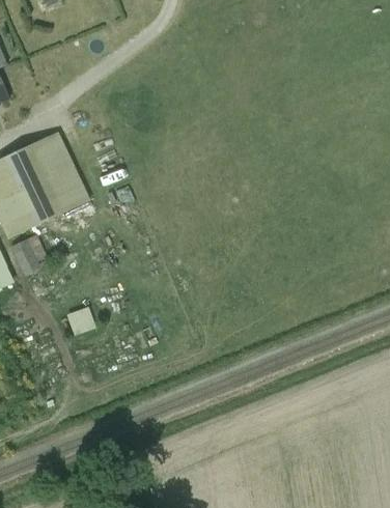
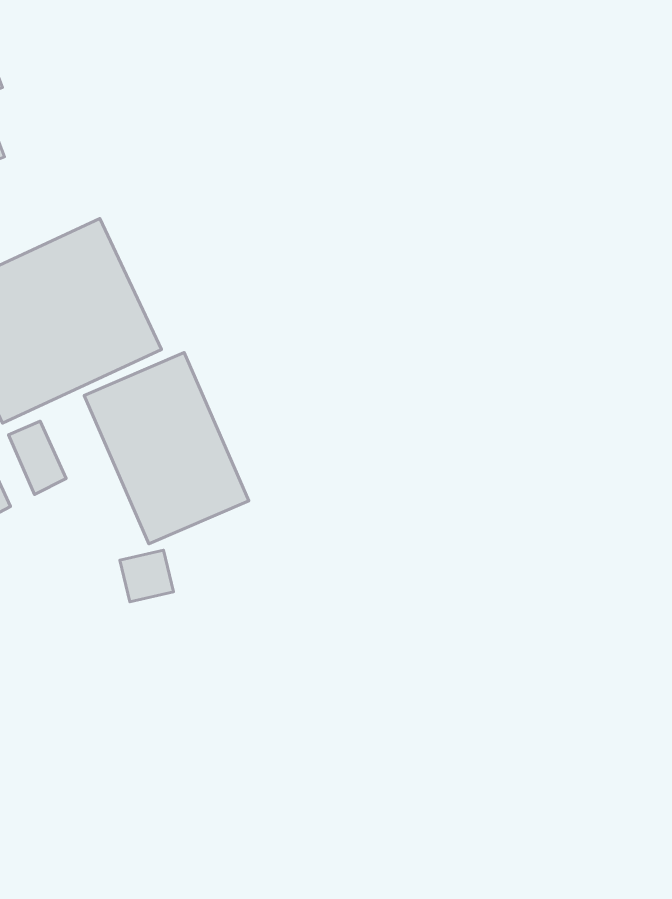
building: none -> [84,353,249,544]

